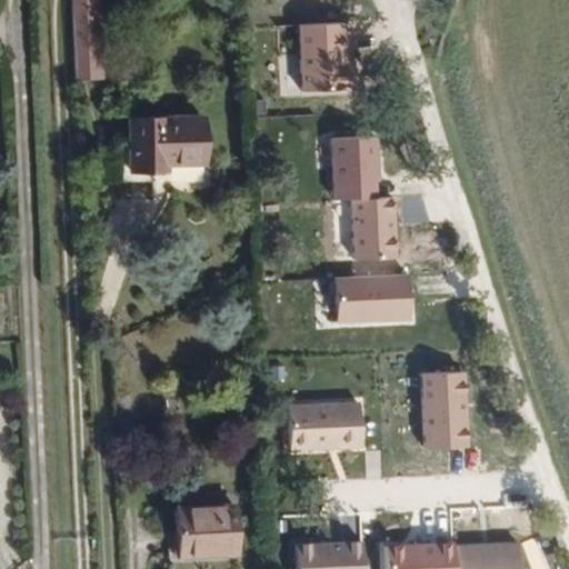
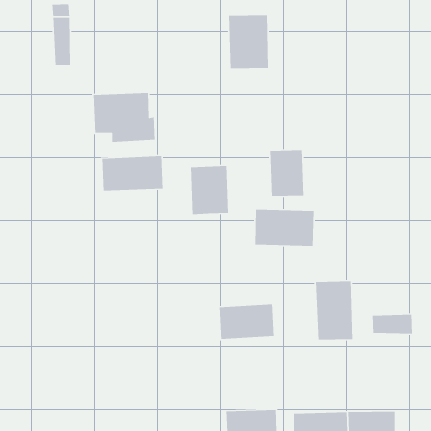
building: [331,134,382,200] -> [190,165,229,215]
building: none -> [101,155,164,192]
building: none -> [372,314,413,334]
building: [176,511,244,559] -> none

